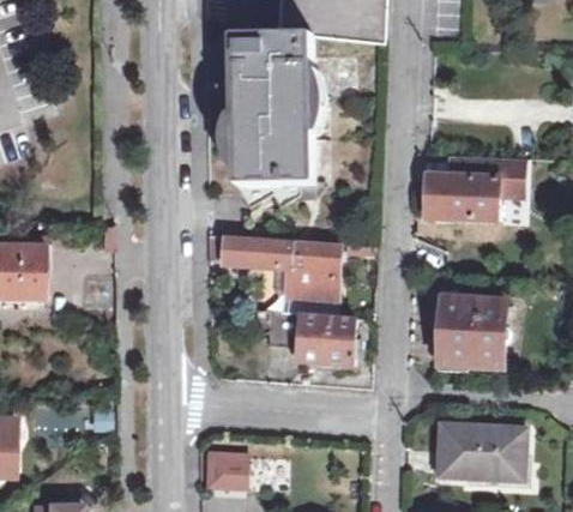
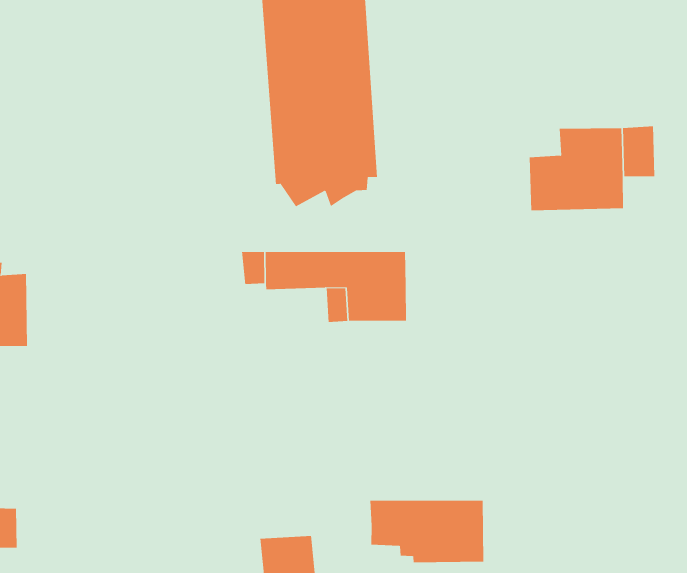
building: [442,299,507,367] -> none
building: [266,311,354,362] -> [369,500,484,563]
building: [439,424,521,477] -> none

